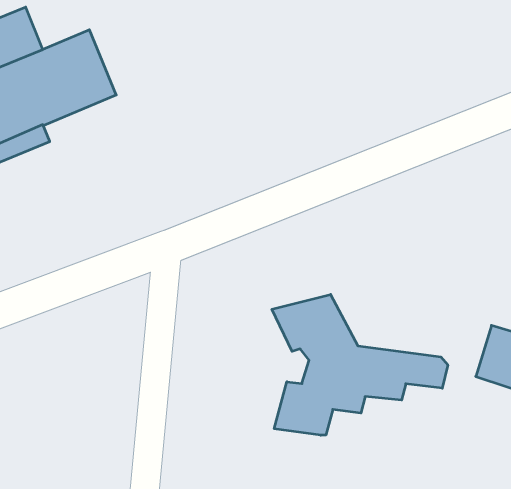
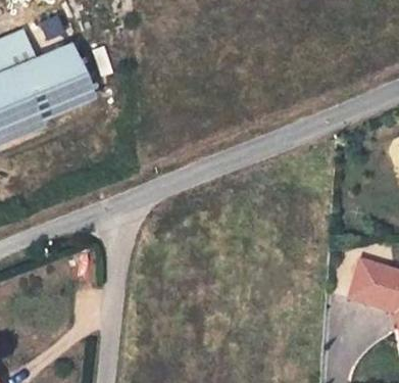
building: [272,294,448,435] -> none

